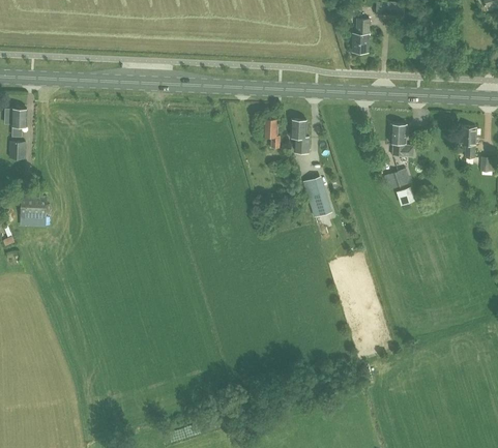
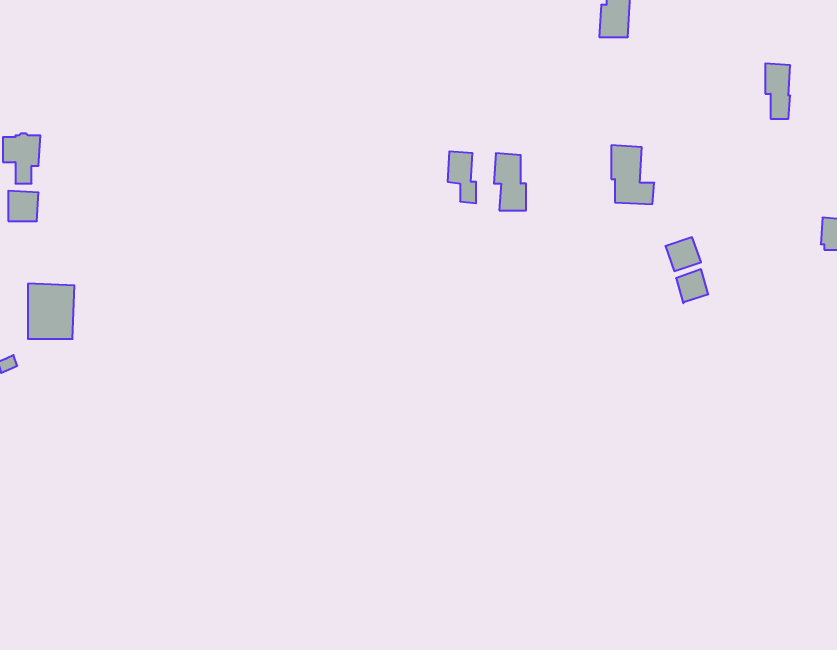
building: [389,123,414,157] -> [611,145,654,204]
building: [461,126,475,158] -> [765,63,790,119]
building: [303,177,331,217] -> none

